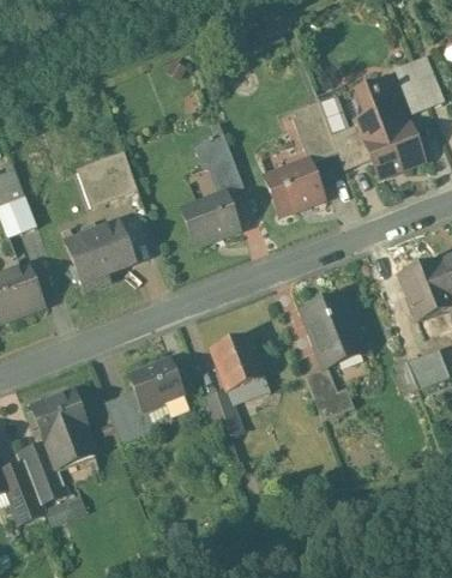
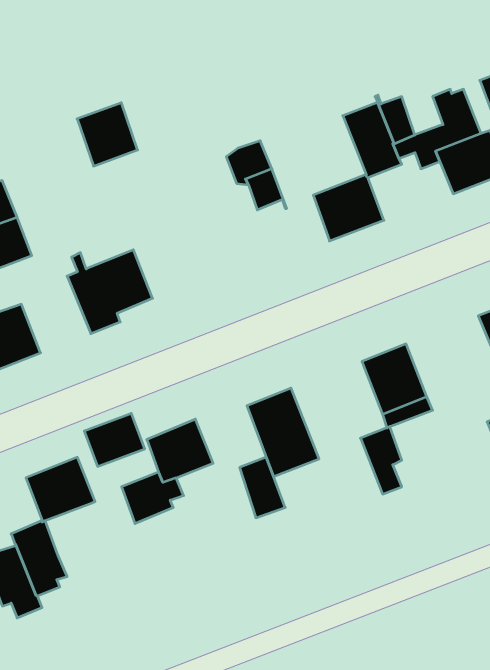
building: [80,152,129,204] -> [77,103,138,166]
building: [181,192,239,246] -> none
building: [47,427,96,470] -> [84,413,145,466]

